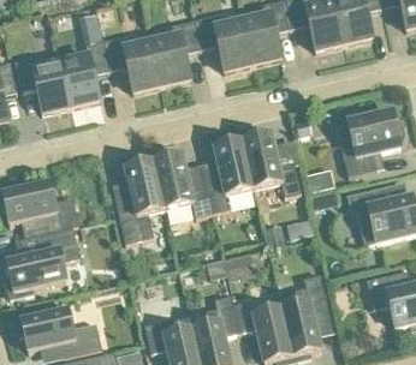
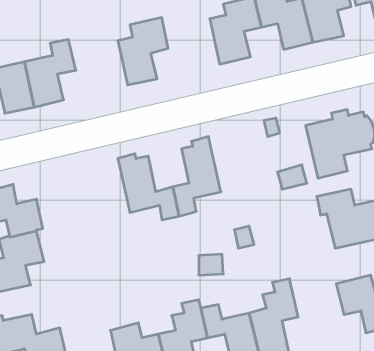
building: [196,12,252,70] -> none
building: [105,32,162,91] -> none
building: [242,131,302,196] -> none
building: [118,156,165,243] -> none

